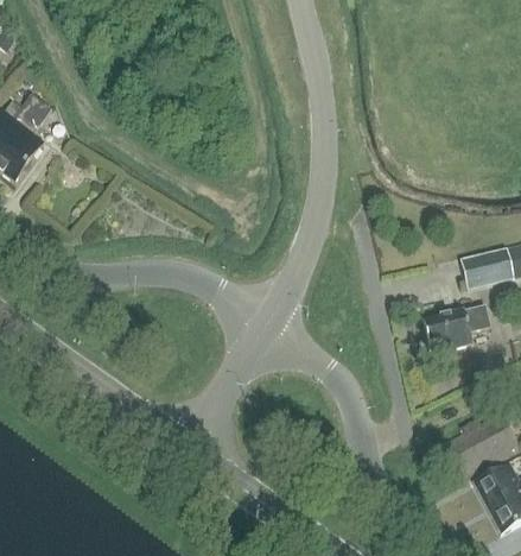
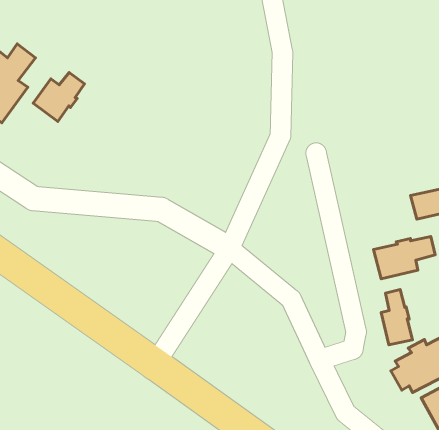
building: none -> [33,72,85,122]
building: none -> [381,290,412,345]

